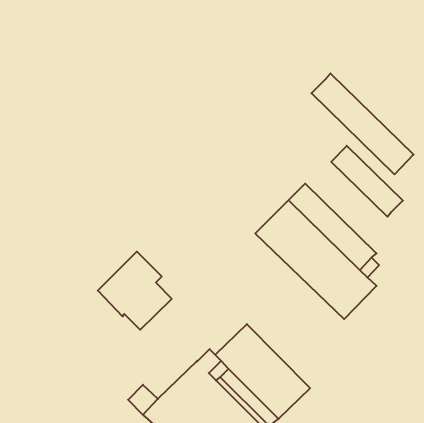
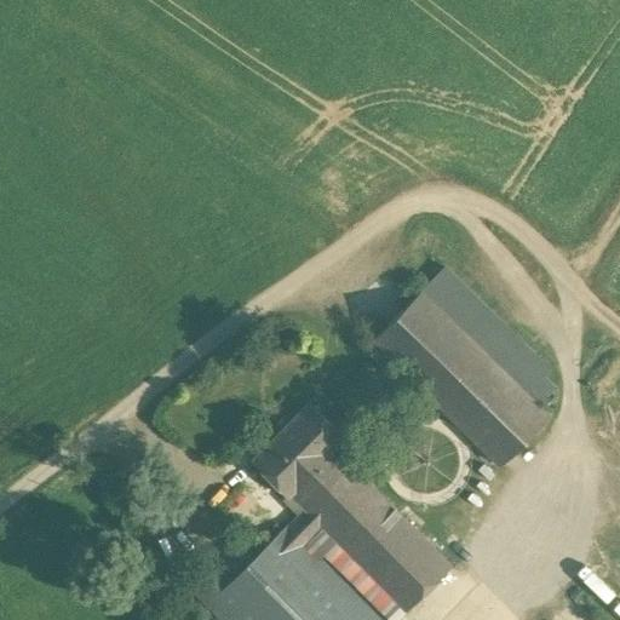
building: [311,73,414,174] -> none
building: [331,146,403,217] -> none
building: [98,252,172,330] -> [253,406,361,519]

